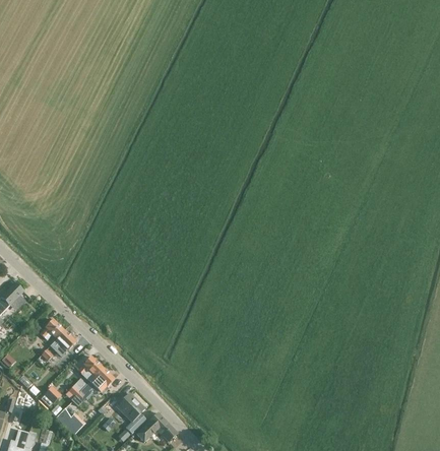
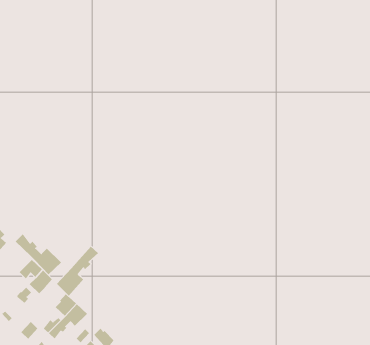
building: none -> [15,233,62,275]
building: none -> [56,246,99,296]

